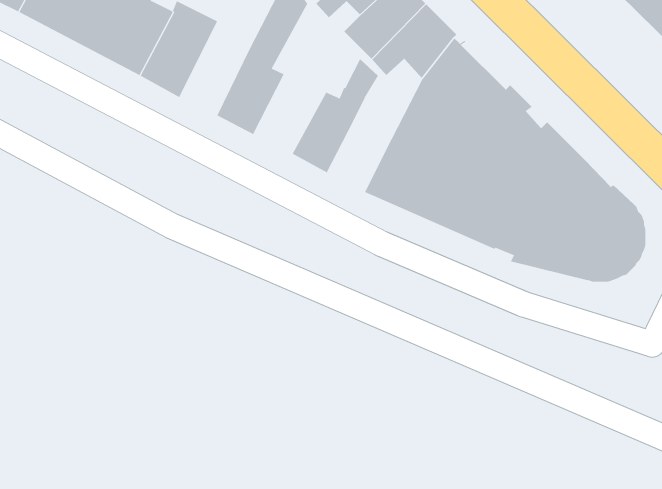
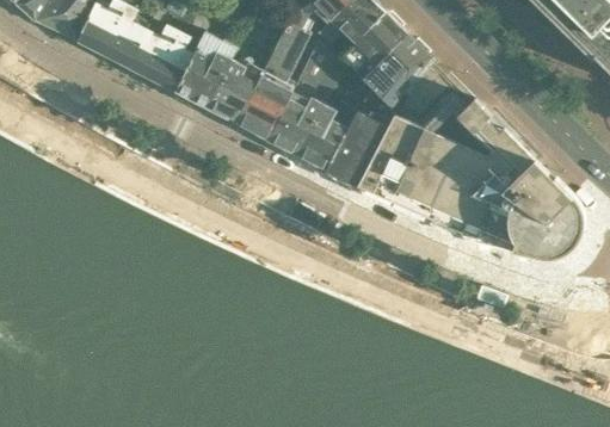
building: none -> [265,38,341,154]
building: none -> [205,58,261,123]
building: none -> [325,109,377,185]

